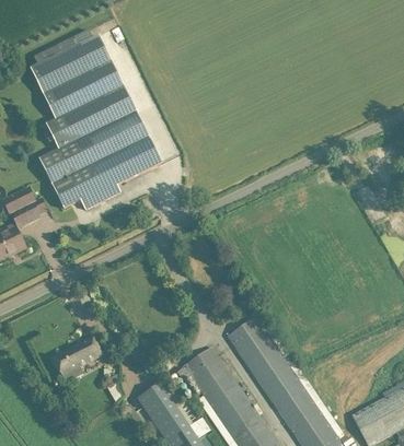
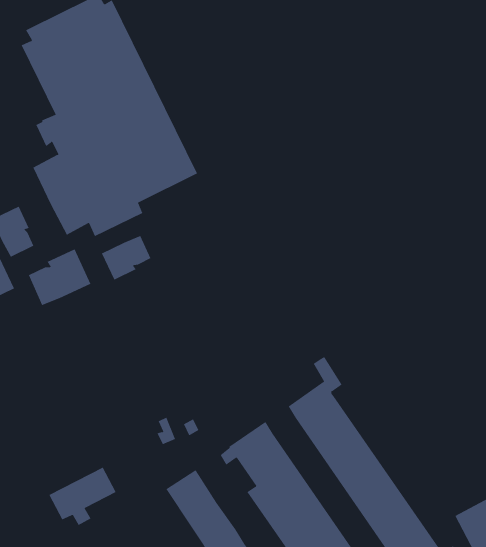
building: none -> [101,235,151,280]
building: none -> [28,248,91,306]
building: [53,336,103,379] -> [49,467,116,526]

